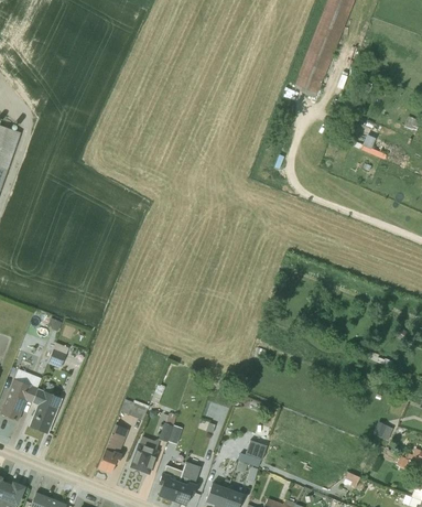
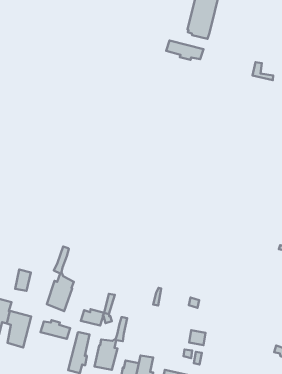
building: none -> [166,41,204,60]
building: none -> [47,246,74,311]
building: none -> [41,320,70,339]

